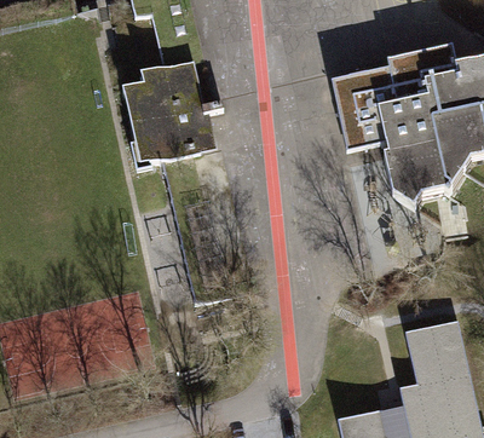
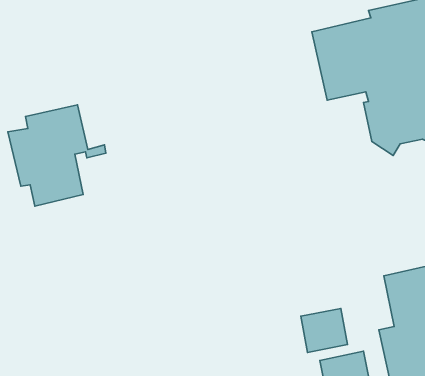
building: [122,57,223,161] -> [8,105,106,206]
building: none -> [301,308,347,352]

